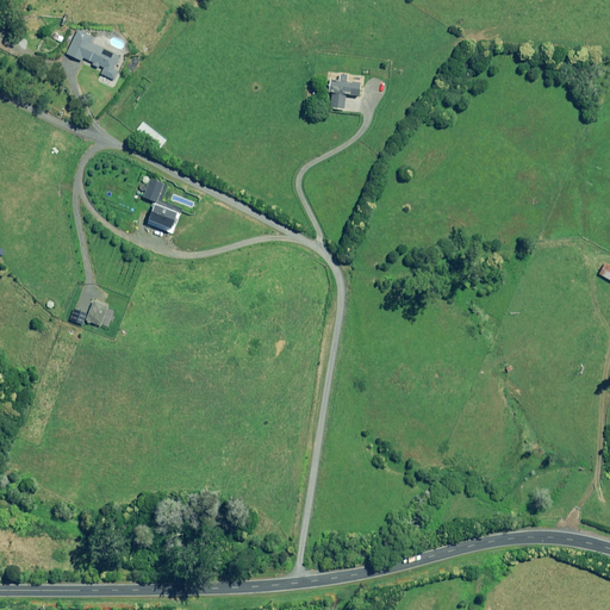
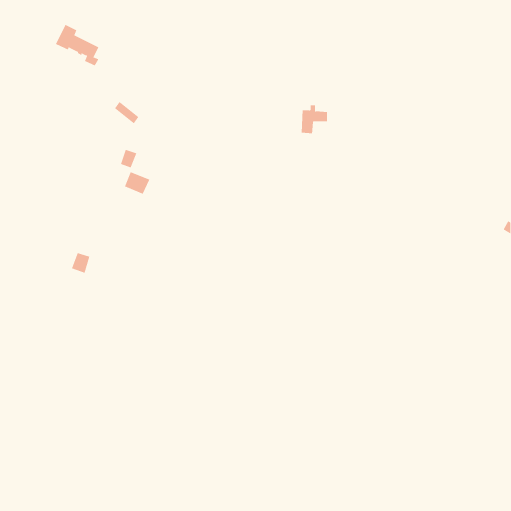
building: [329,74,361,108] -> [301,105,328,134]

